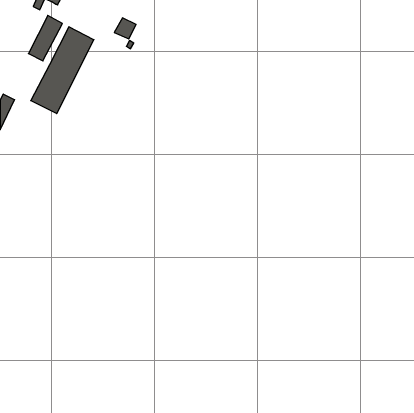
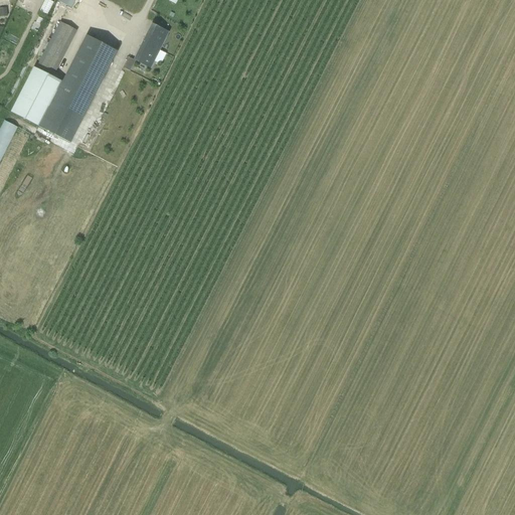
building: none -> [133,40,160,67]
building: none -> [10,65,61,125]

